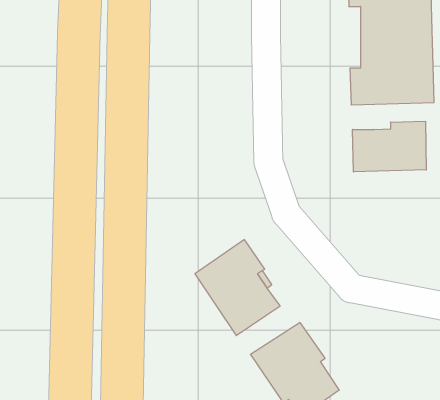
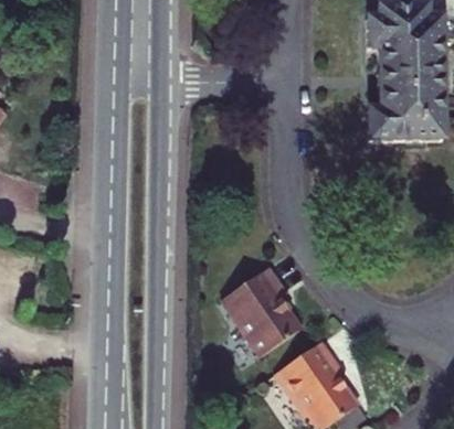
building: [353,121,426,172] -> none

